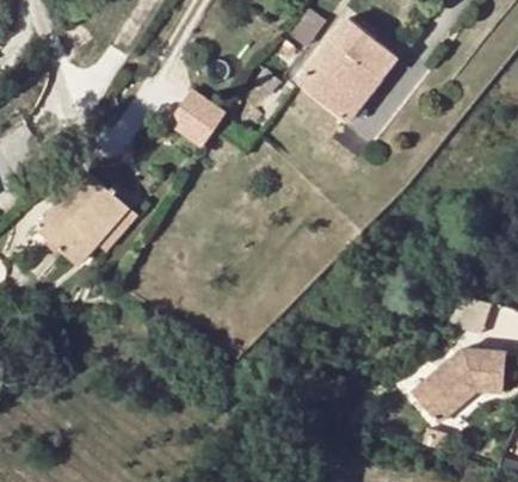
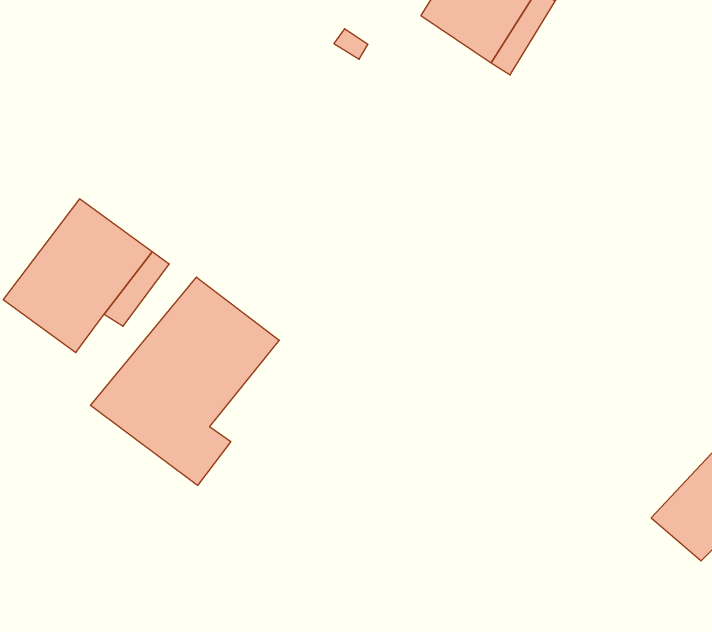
building: [167,84,228,144] -> none
building: none -> [91,277,279,485]

